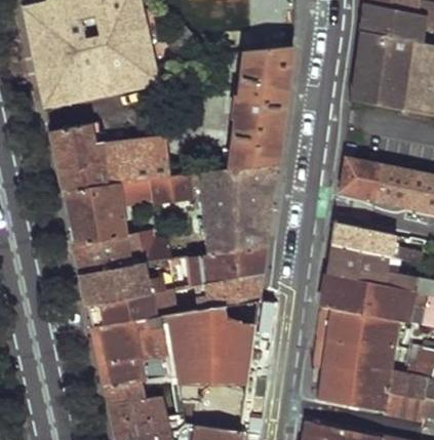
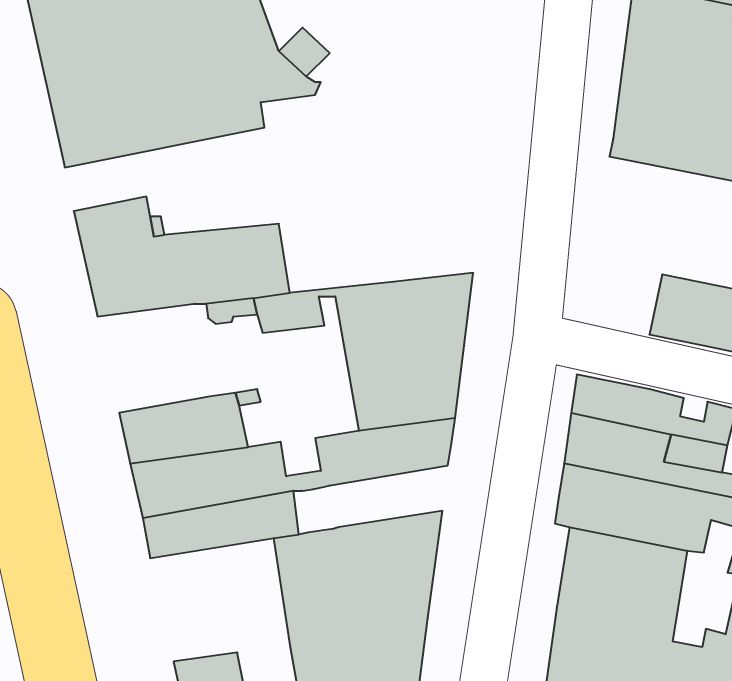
building: [230,45,291,170] -> none
building: [339,158,382,200] -> none
building: [63,183,126,244] -> none
building: [194,274,261,309] -> none
building: [92,315,171,385] -> none

